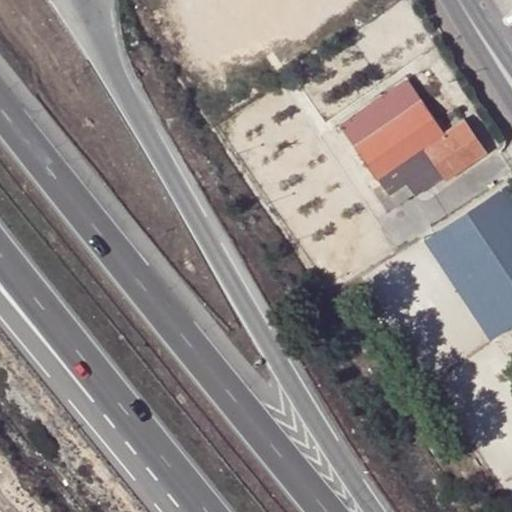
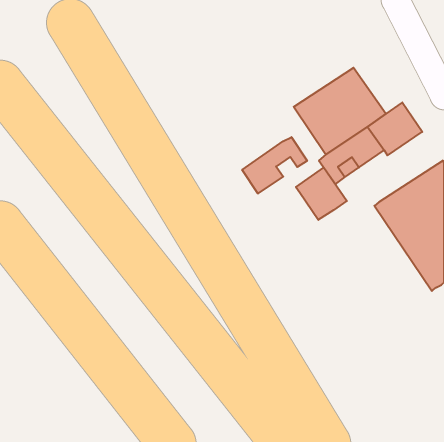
building: none -> [242,137,307,194]
building: none -> [296,168,347,220]

